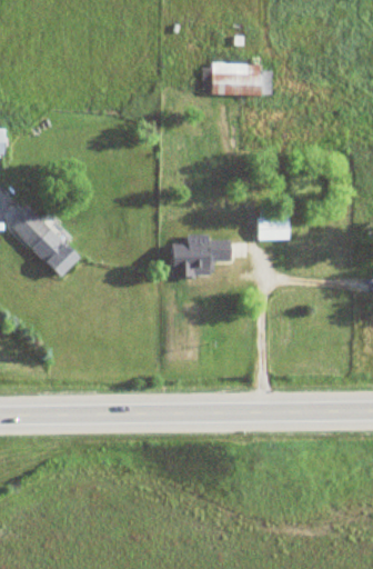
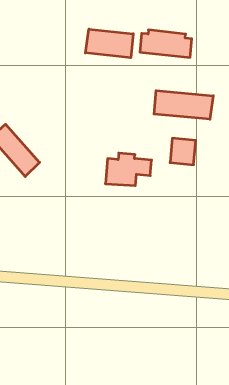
building: none -> [85,29,133,58]
building: none -> [154,91,213,119]

